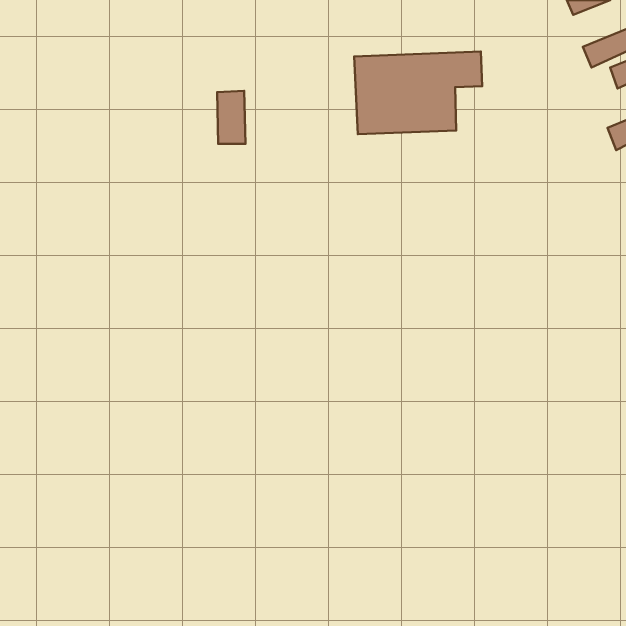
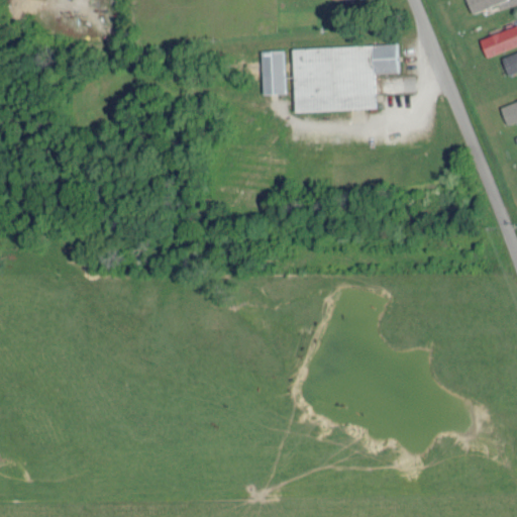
building: [217,91,245,144] -> [263,50,286,94]

